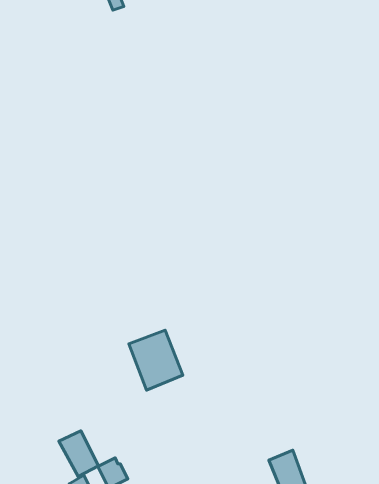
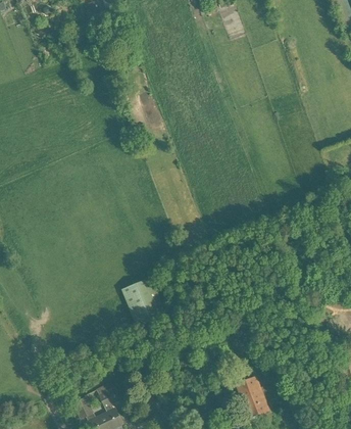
building: [59,431,99,476] -> none

